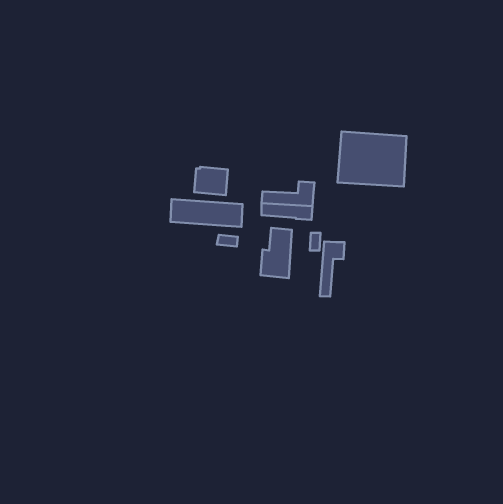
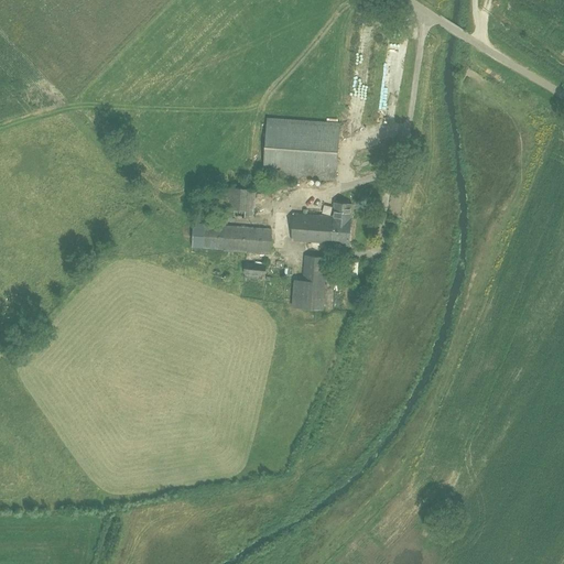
building: [338,131,407,187] -> [262,118,339,180]
building: [320,241,345,297] -> none

